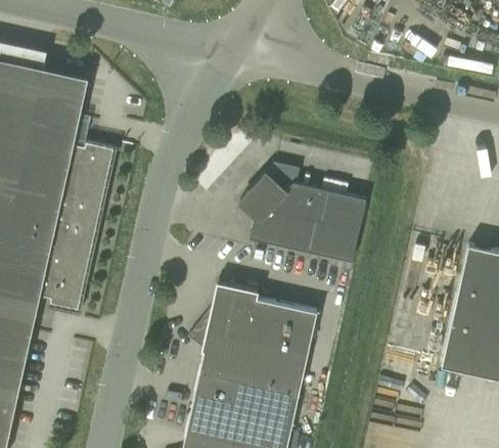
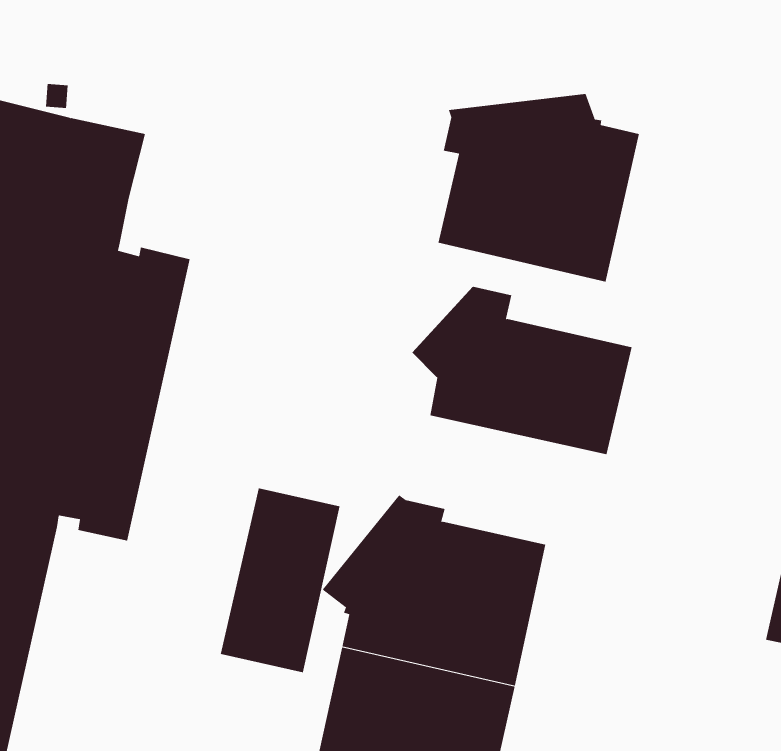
building: none -> [438,93,640,283]
building: none -> [220,488,340,673]

